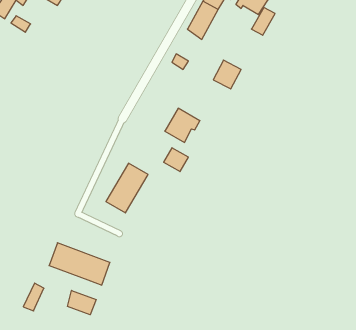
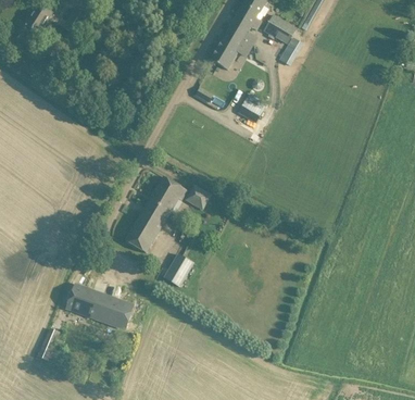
building: [165,108,200,142] -> [150,177,187,213]
building: none -> [165,254,193,287]
building: [67,290,96,315] -> none

